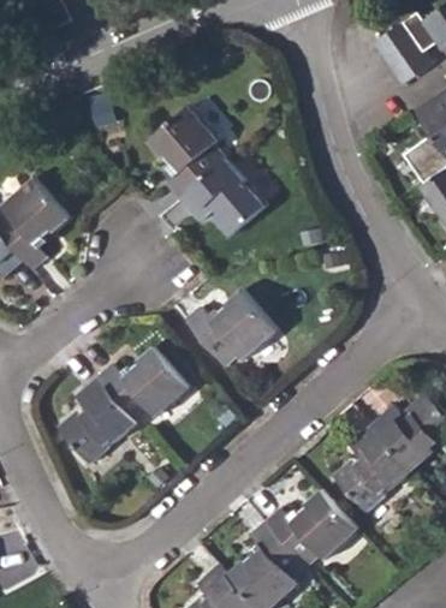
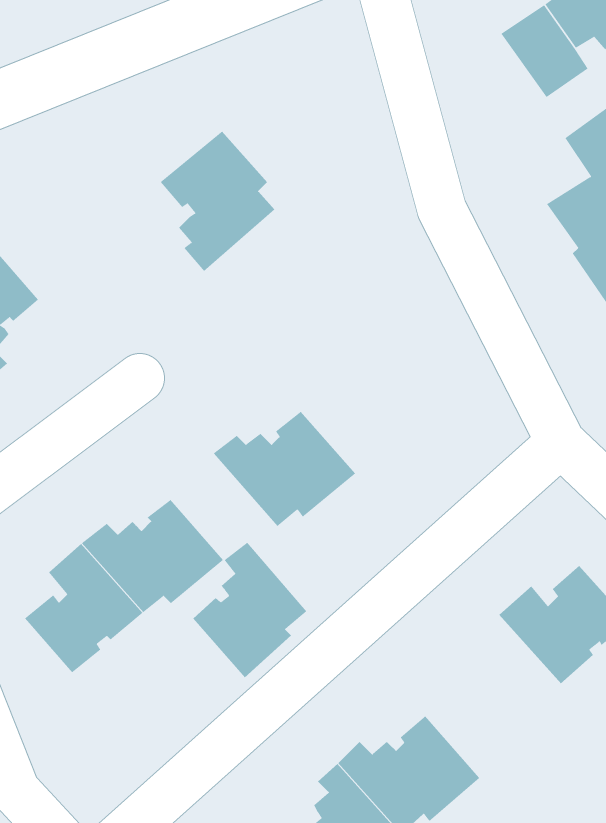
building: [178,159,266,237] -> none
building: none -> [192,542,307,678]
building: [333,424,412,512] -> none

